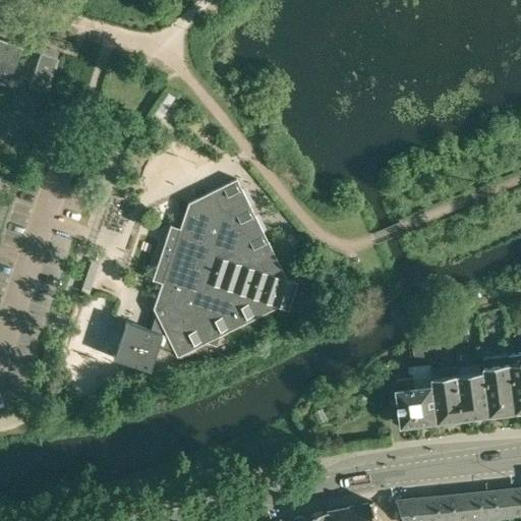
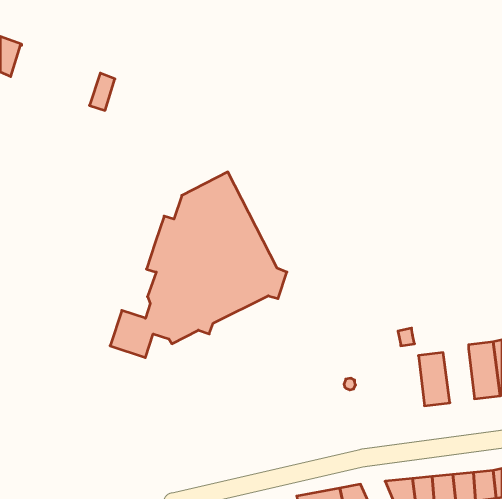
building: [30,55,56,94] -> [89,73,115,110]
building: [398,364,440,428] -> none
building: [459,364,491,420] -> none

